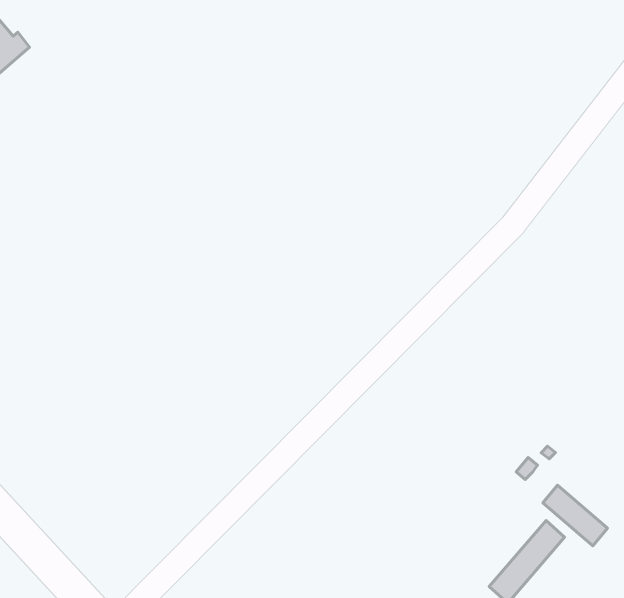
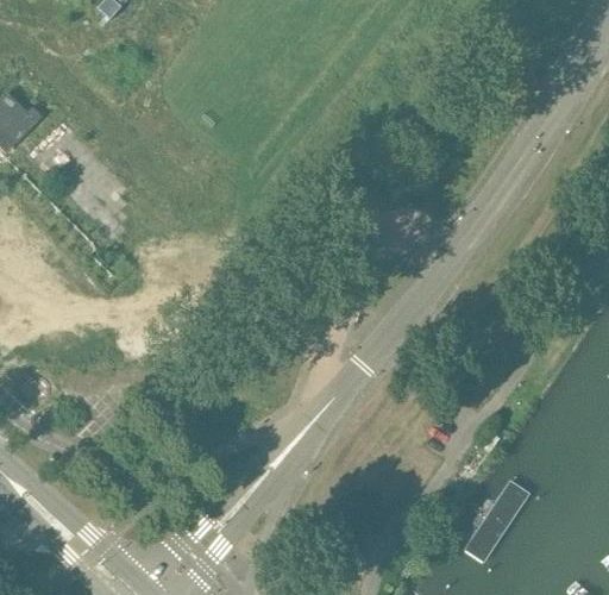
building: [543,485,607,546] -> none

